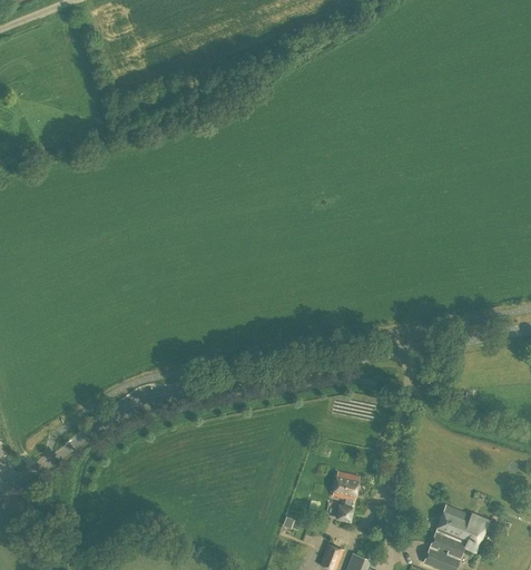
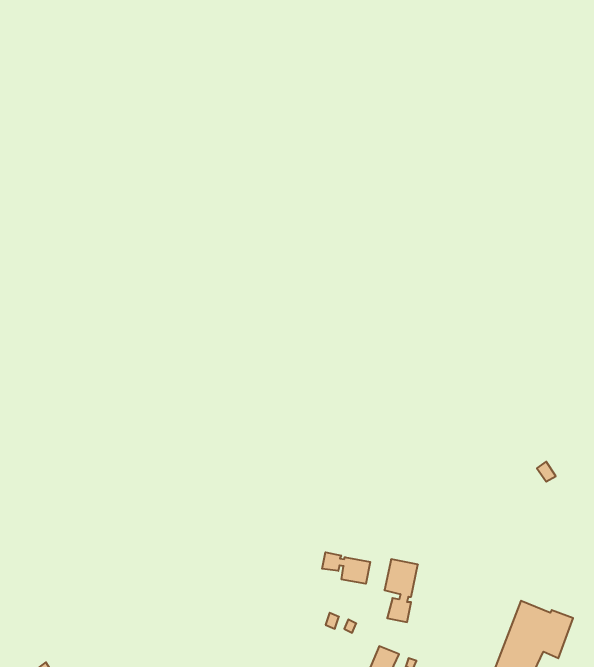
building: none -> [322,552,370,584]

